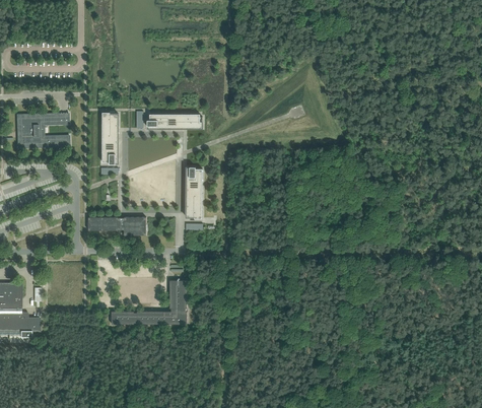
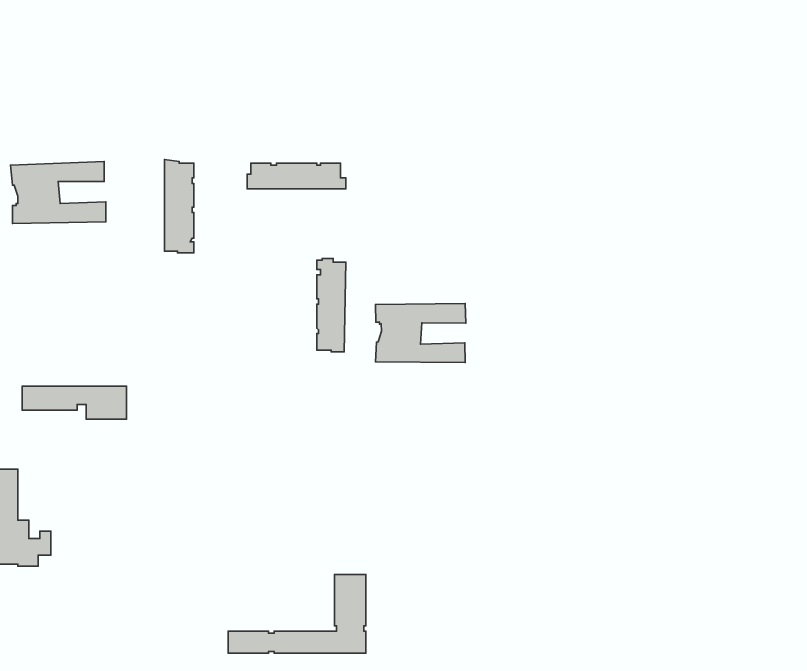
building: none -> [375,303,466,363]
building: [87,217,145,235] -> [22,386,127,419]
building: [111,280,187,324] -> [228,575,366,653]

